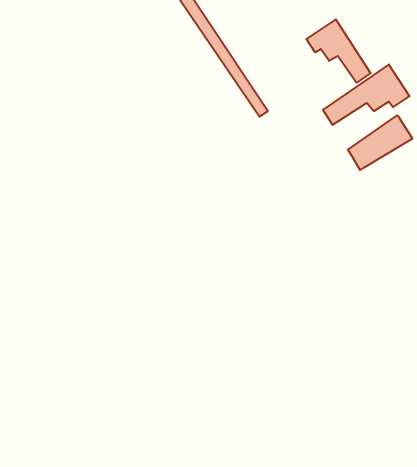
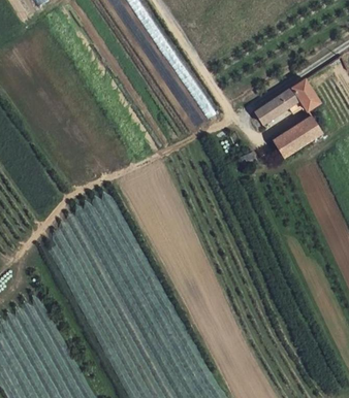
building: [306,19,370,83] -> none

